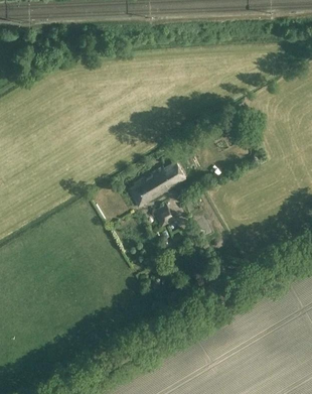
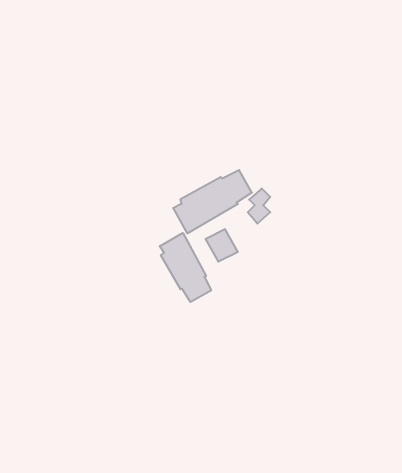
building: none -> [160,233,211,302]

